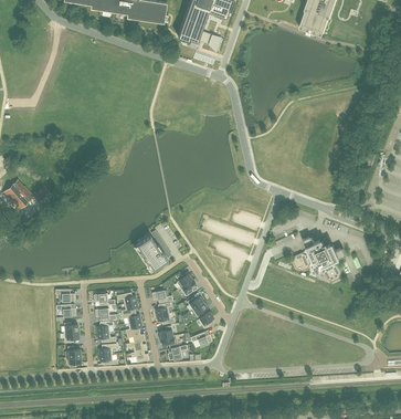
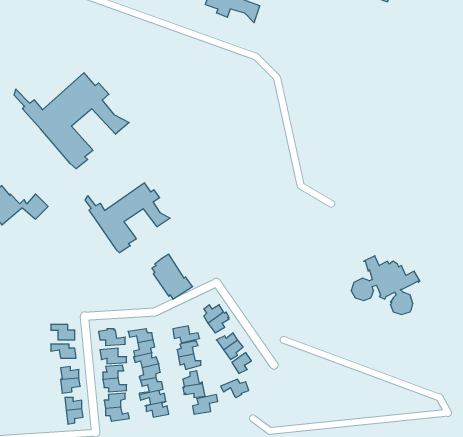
building: none -> [14,73,129,169]
building: none -> [85,183,170,253]

